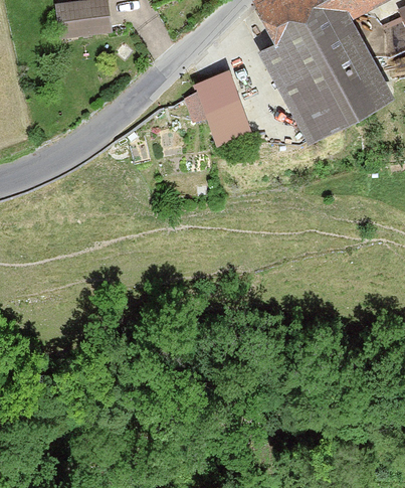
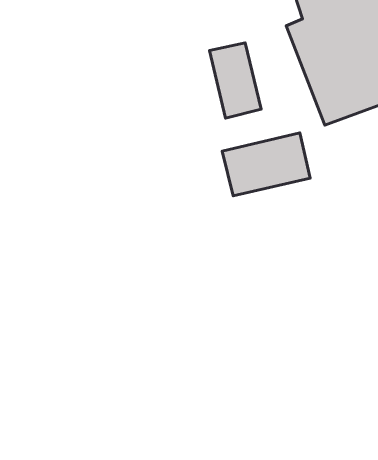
building: none -> [222,133,310,196]

